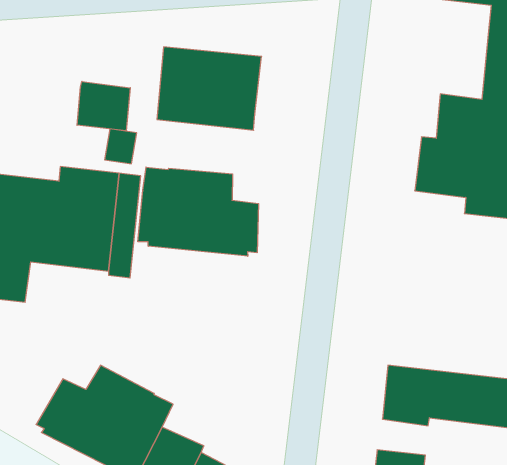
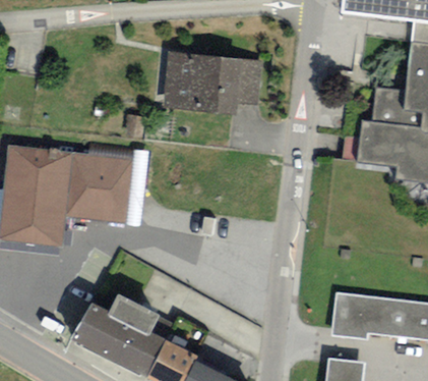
building: none -> [236,58,262,104]
building: [77,81,130,131] -> none
building: [138,167,259,256] -> none

